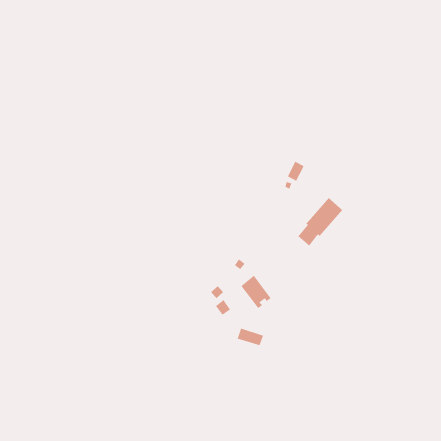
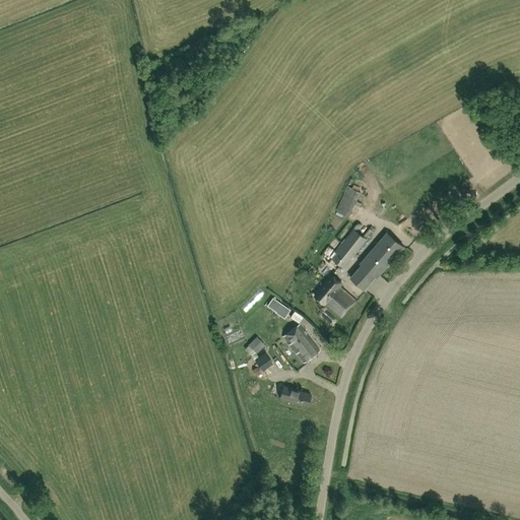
building: none -> [329,230,367,269]
building: none -> [314,276,356,319]

